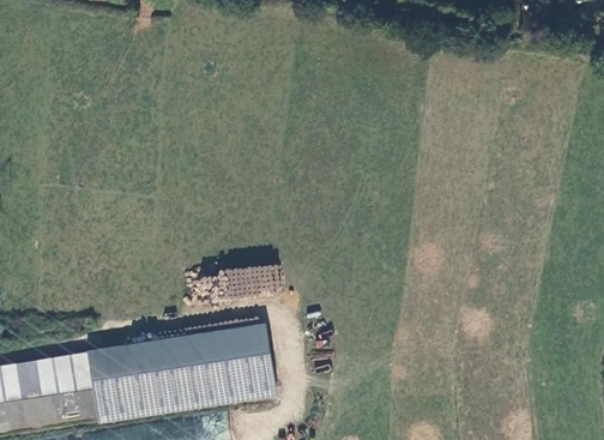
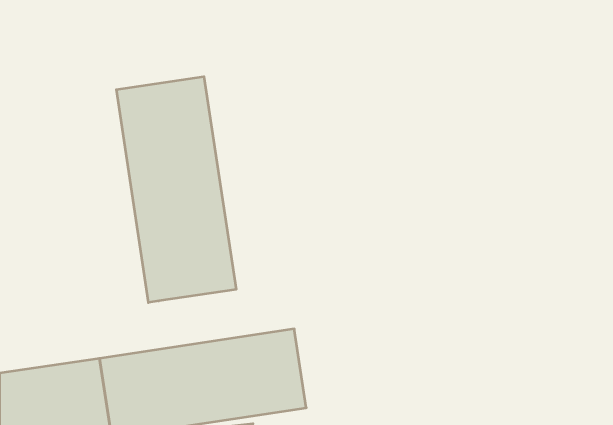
building: none -> [116,77,236,303]

